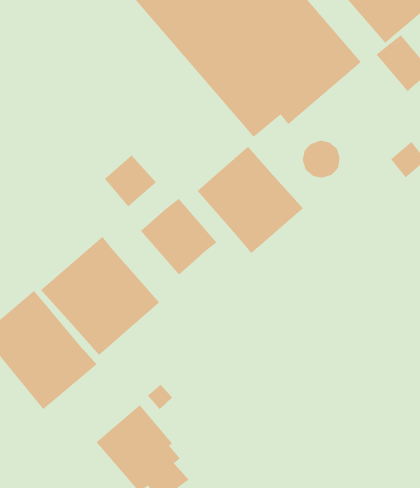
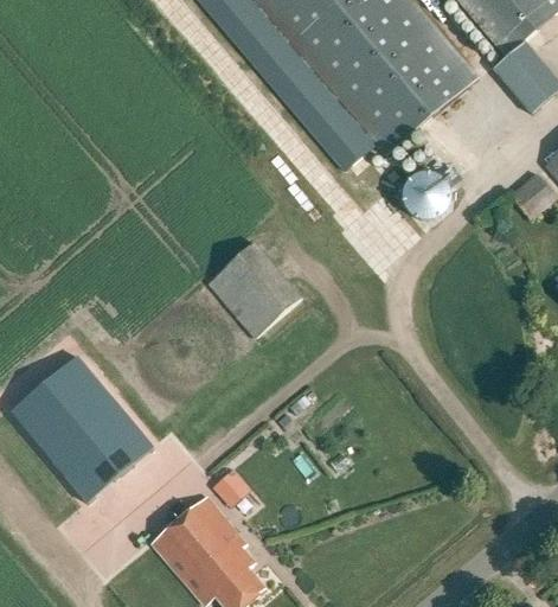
building: [196,146,304,254] -> none
building: [104,155,157,207] -> none
building: [40,236,160,356] -> none

